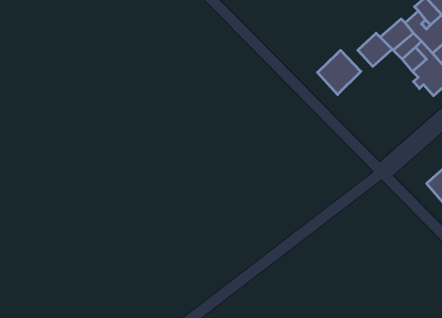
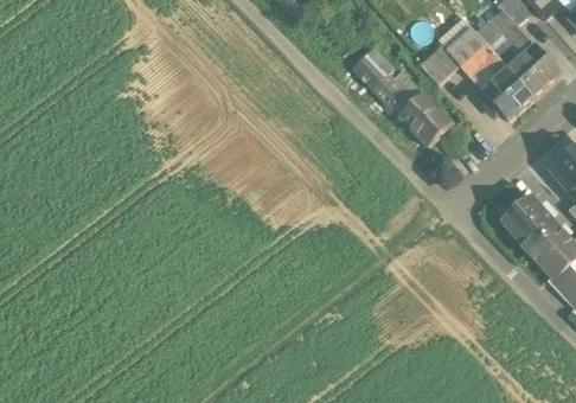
building: none -> [352,47,396,90]
building: none -> [397,89,455,147]

